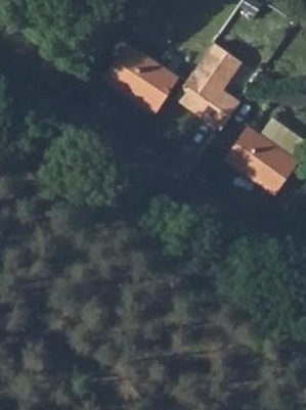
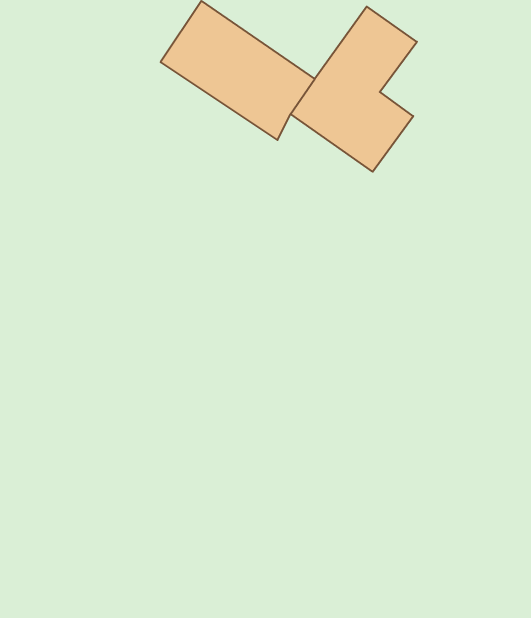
building: [227,129,295,190] -> none

